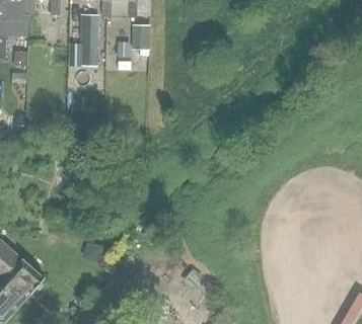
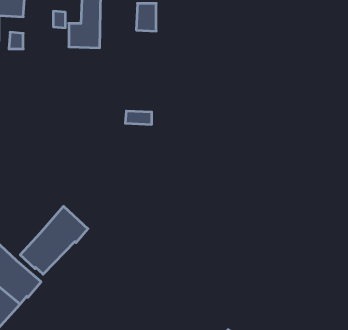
building: none -> [20,206,88,274]

